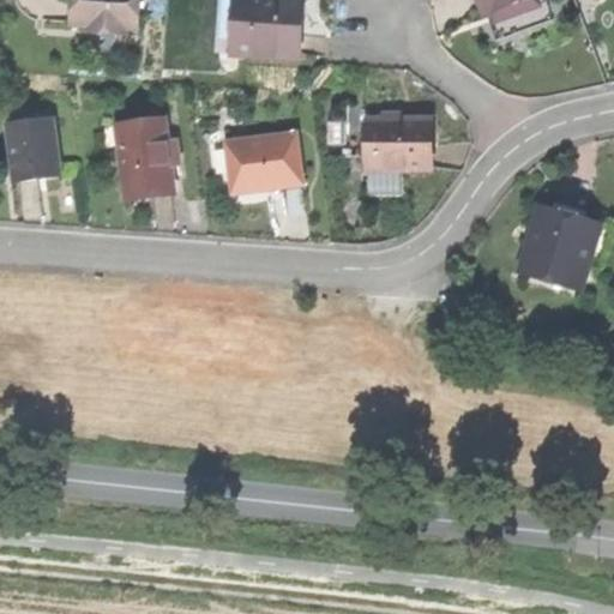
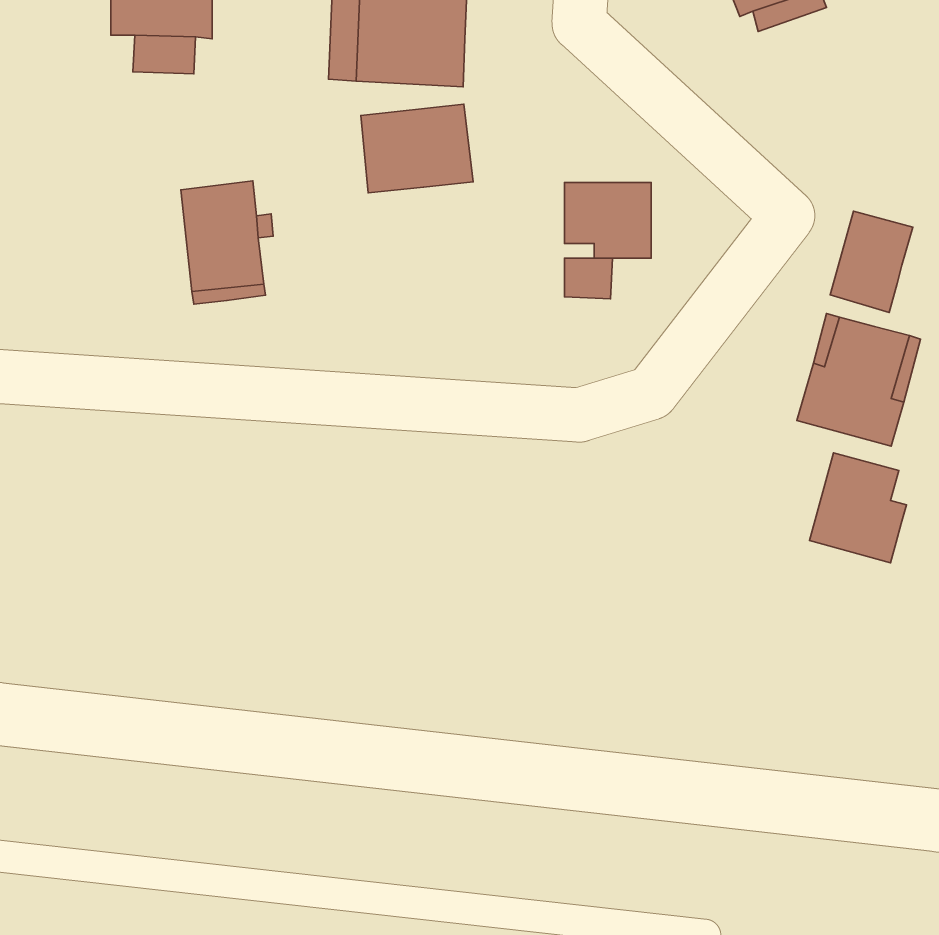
building: [7,118,59,179] -> none
building: [228,133,301,191] -> [361,104,473,193]
building: none -> [830,211,913,312]
building: none -> [809,453,906,563]

